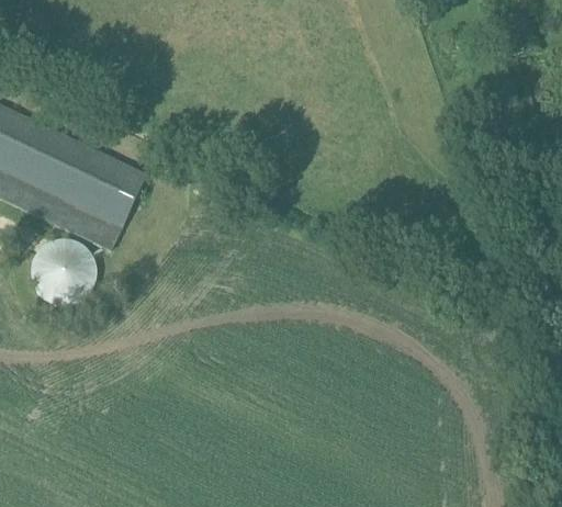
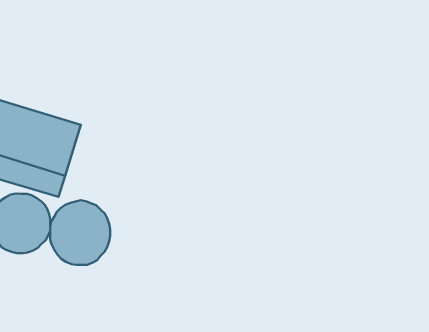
building: none -> [50,200,110,265]

